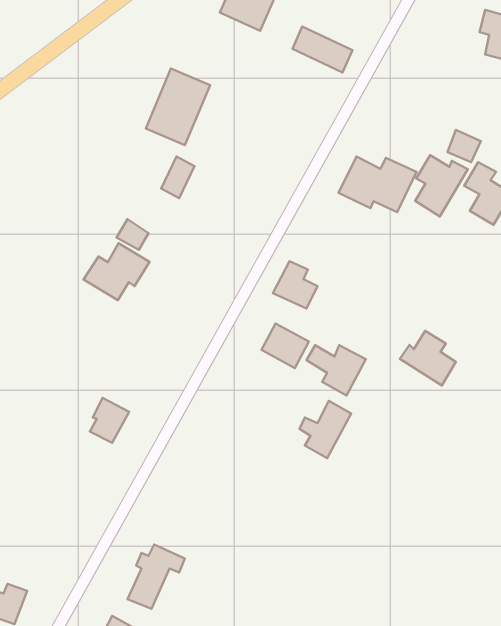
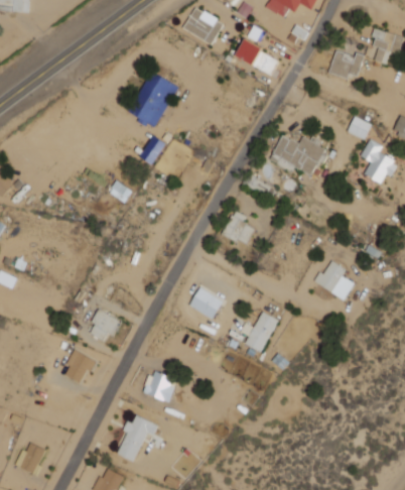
building: none -> [328,49,365,80]
building: [415,155,468,217] -> none
building: [84,243,149,300] -> none
building: [261,323,309,368] -> [189,286,224,319]
building: [306,345,366,396] -> none
building: none -> [64,349,97,382]
building: none -> [144,370,177,401]

